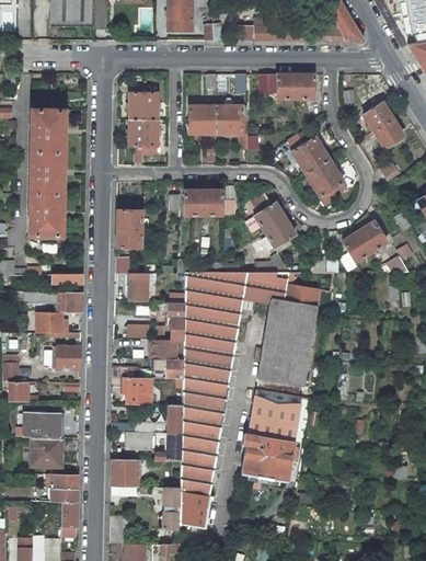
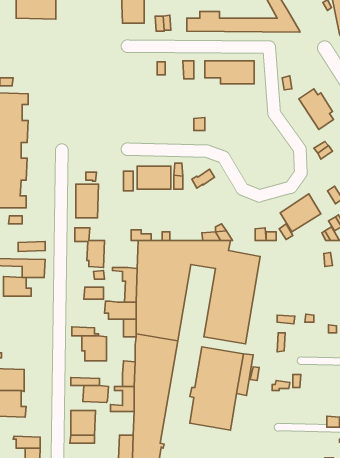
building: [129,84,158,162] -> none
building: [189,100,247,134] -> none
building: [286,127,348,206] -> none
building: [255,203,296,249] -> none
building: [56,346,81,369] -> none
building: [48,473,78,489] -> none

